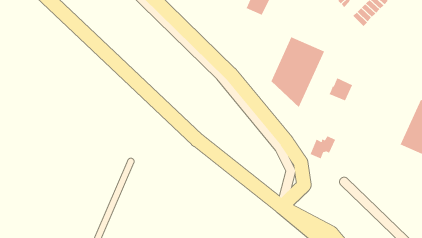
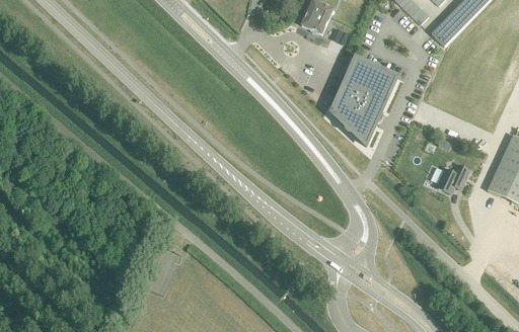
building: [329,77,353,101] -> none
building: [309,135,336,160] -> [437,163,469,192]

